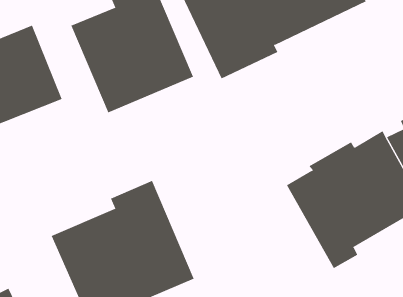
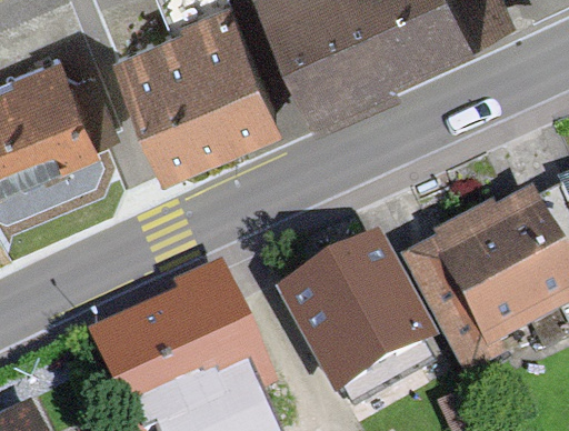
building: none -> [280,241,440,402]

